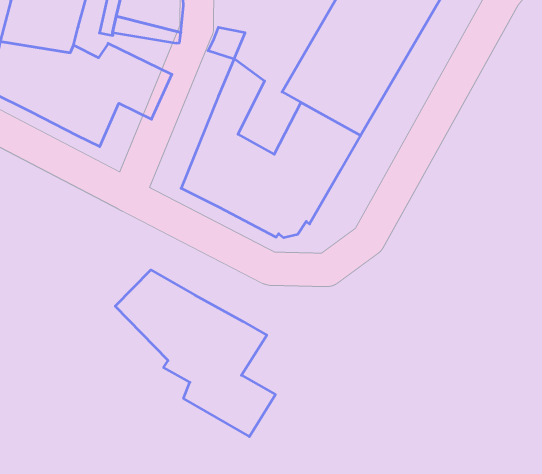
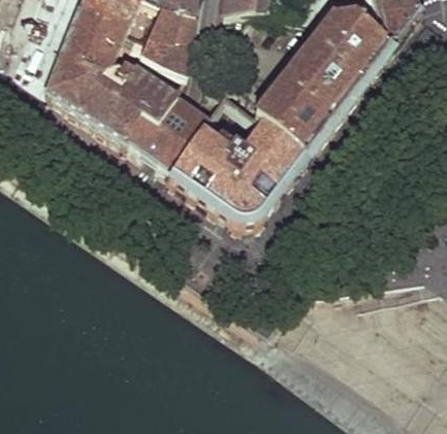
building: none -> [155,109,206,181]
building: none -> [118,115,157,156]
building: [115,270,275,437] -> none

